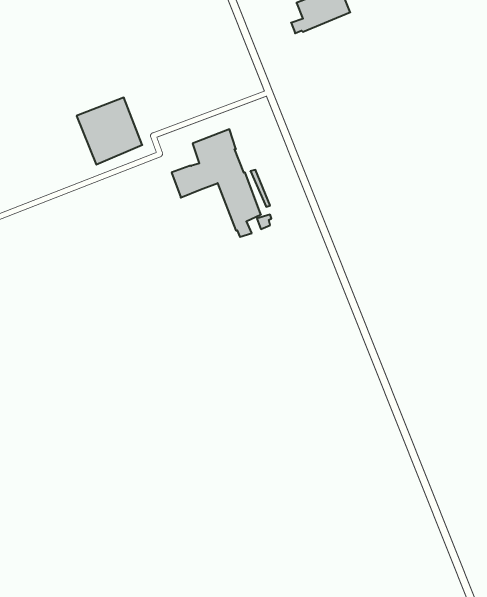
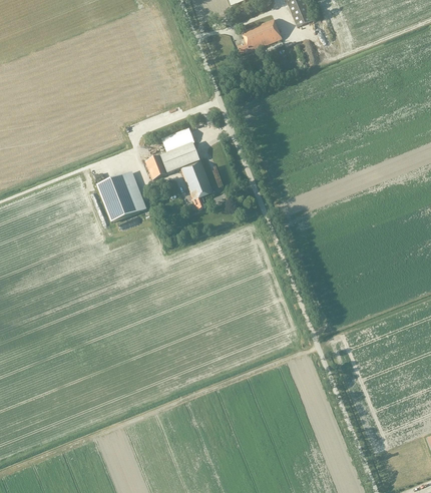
building: [77,98,142,165] -> [96,170,146,221]

